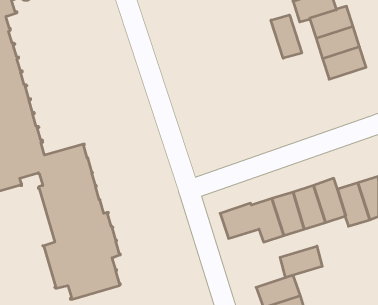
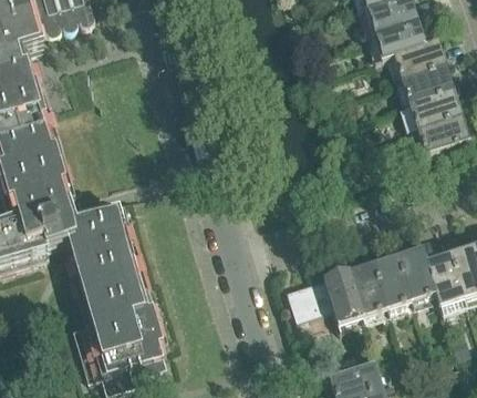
building: [271,15,302,58] -> none
building: none -> [416,111,469,151]
building: [280,246,322,278] -> none

